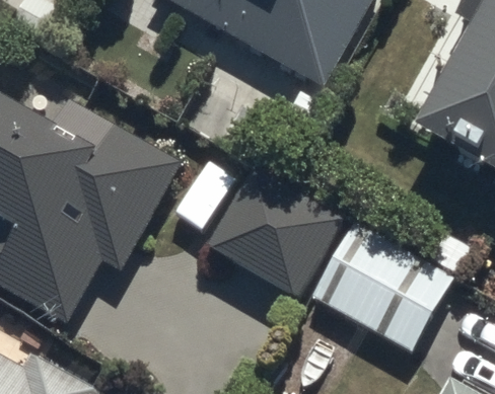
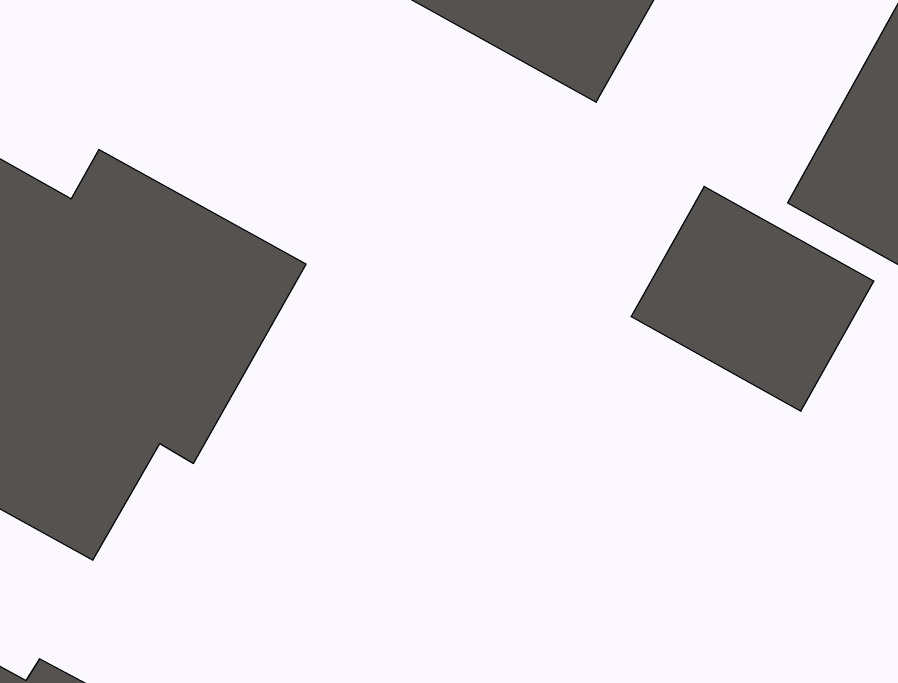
building: [221,182,337,293] -> none
building: [321,231,445,346] -> [631,186,874,411]

